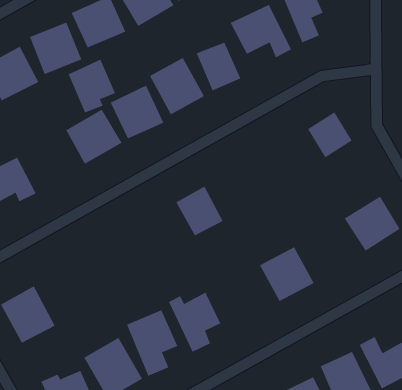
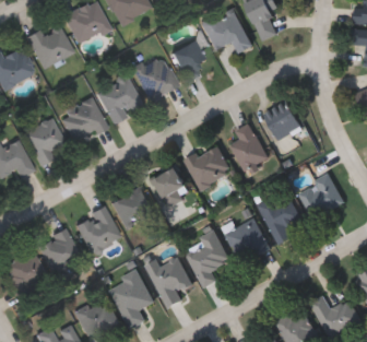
building: [68,59,116,113] -> [24,119,66,166]
building: none -> [230,122,272,173]
building: none -> [187,143,235,189]
building: none -> [111,187,155,228]
building: none -> [260,191,304,245]
building: none -> [74,207,121,255]
building: none -> [35,228,82,276]
building: none -> [186,228,232,287]

